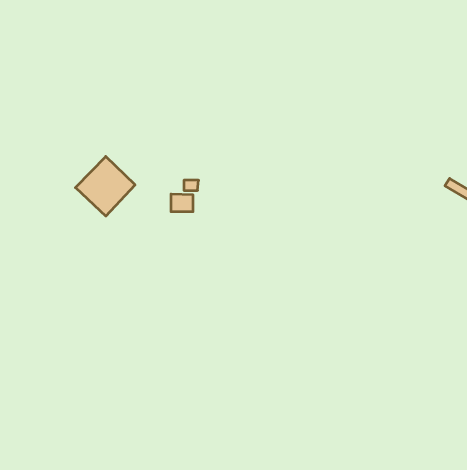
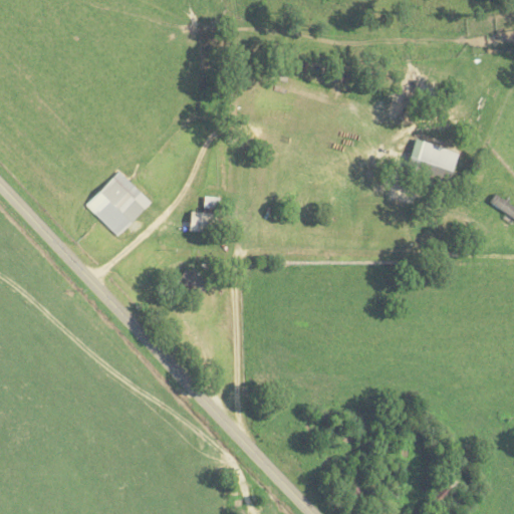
building: none -> [411,140,457,181]

